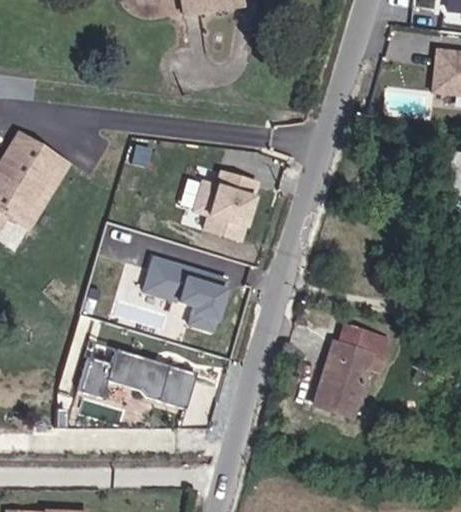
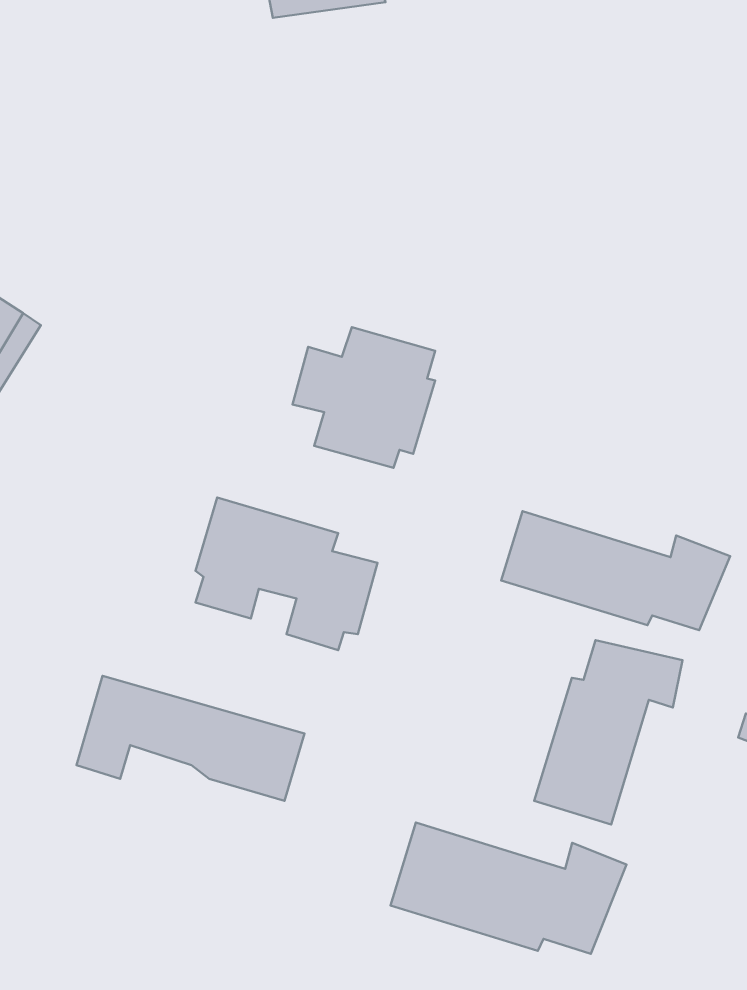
building: none -> [501,511,730,630]
building: none -> [390,822,626,954]

